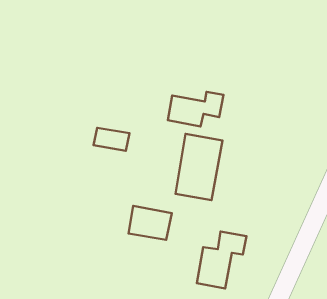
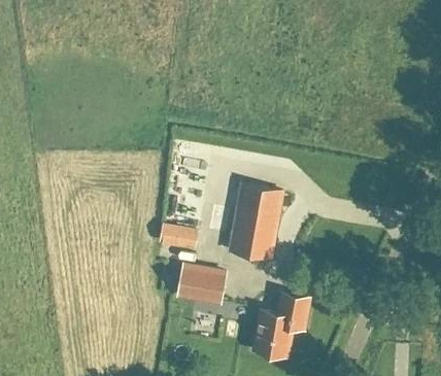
building: [168,92,223,126] -> none
building: [94,128,130,151] -> [160,225,200,250]

